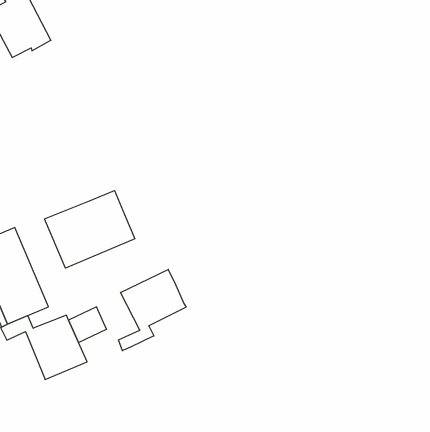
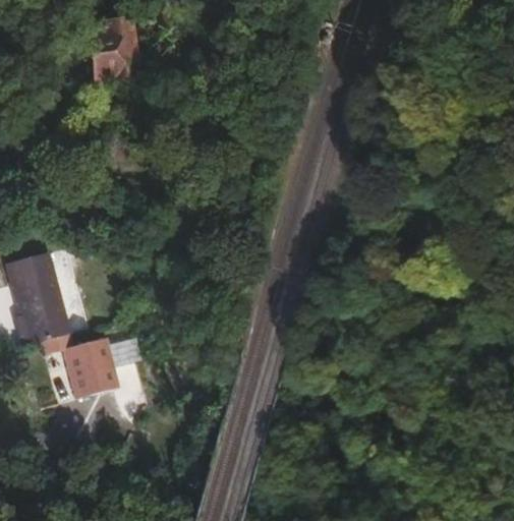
building: [45,191,135,268] -> none
building: [118,269,186,351] -> none

